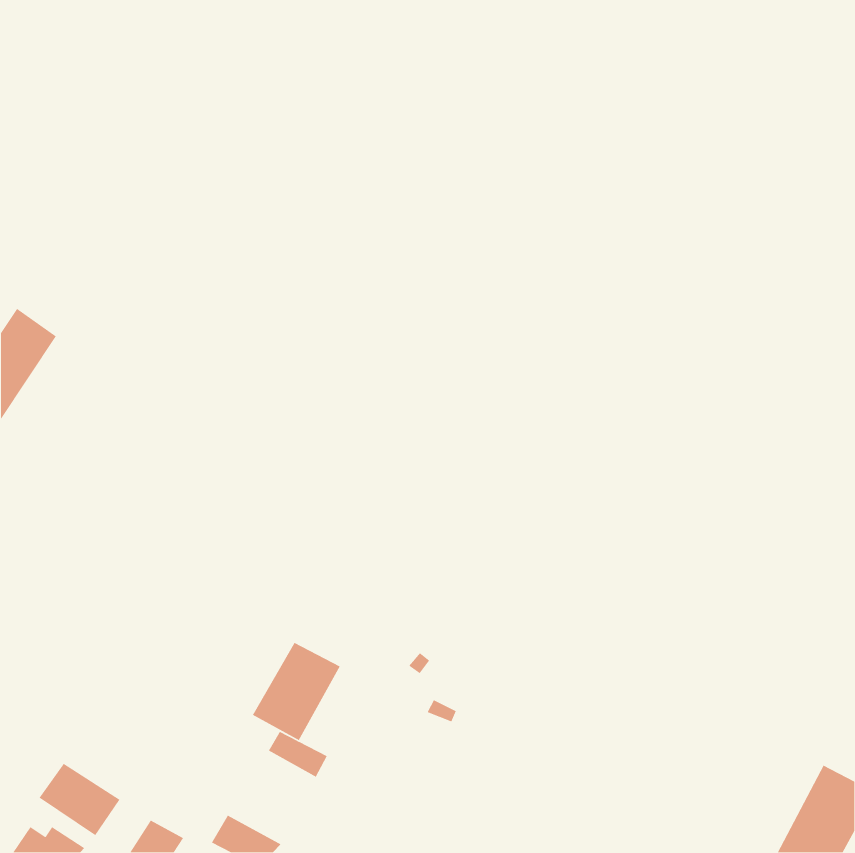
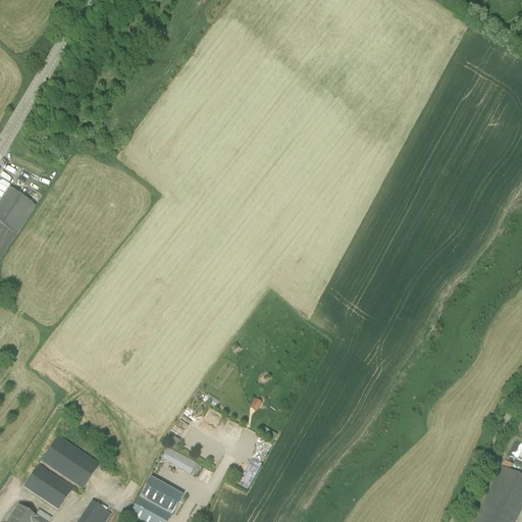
building: [252,642,341,741] -> none
building: none -> [41,435,100,489]
building: none -> [139,477,181,514]

